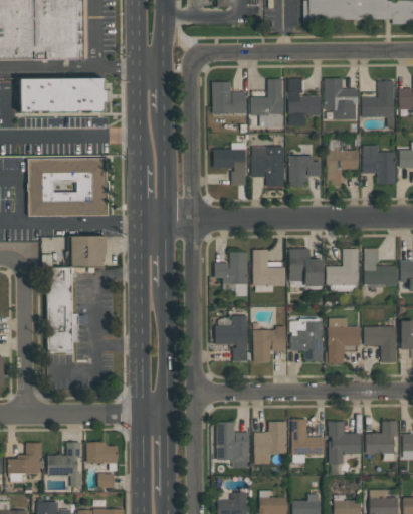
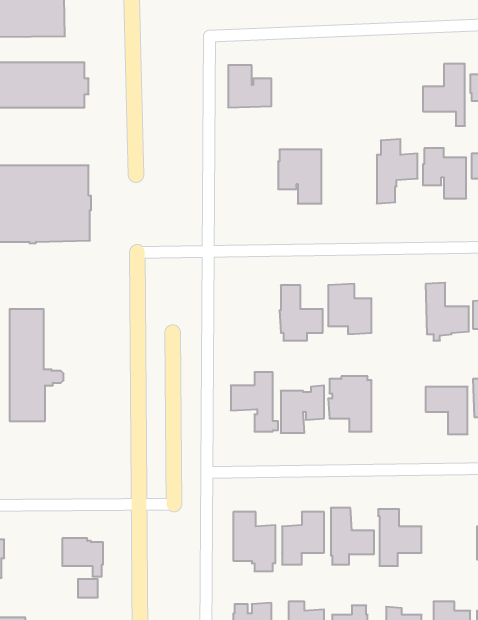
building: [288,78,321,125] -> none
building: [325,78,358,119] -> none
building: [250,79,282,126] -> none
building: [213,142,246,185] -> none
building: [288,155,322,186] -> none
building: [71,236,106,264] -> none
building: [326,248,359,285] -> none
building: [215,252,248,296] -> none
building: [328,317,361,363] -> none
building: [366,420,398,461] -> none
building: [47,442,81,486] -> none

